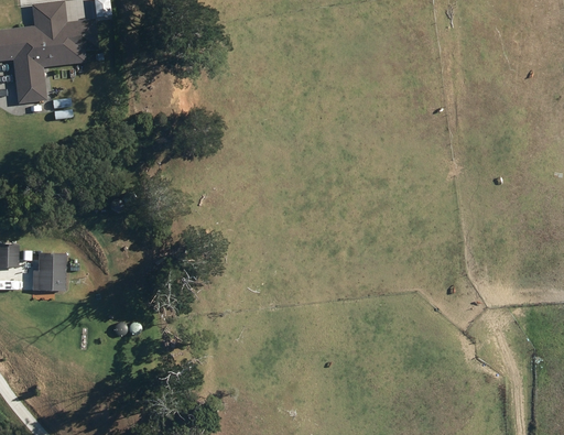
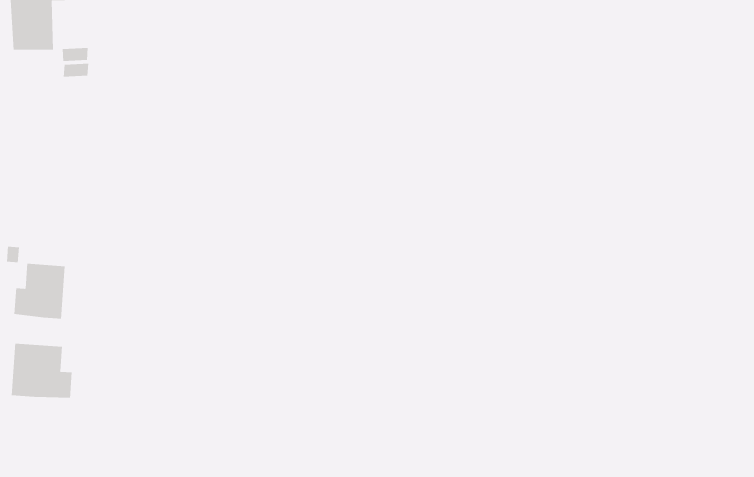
building: none -> [11,343,72,398]

